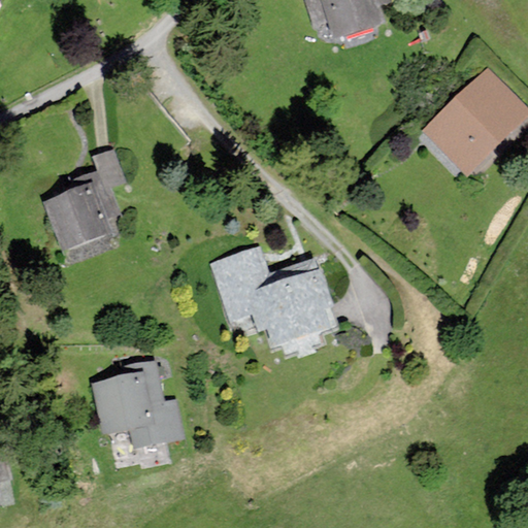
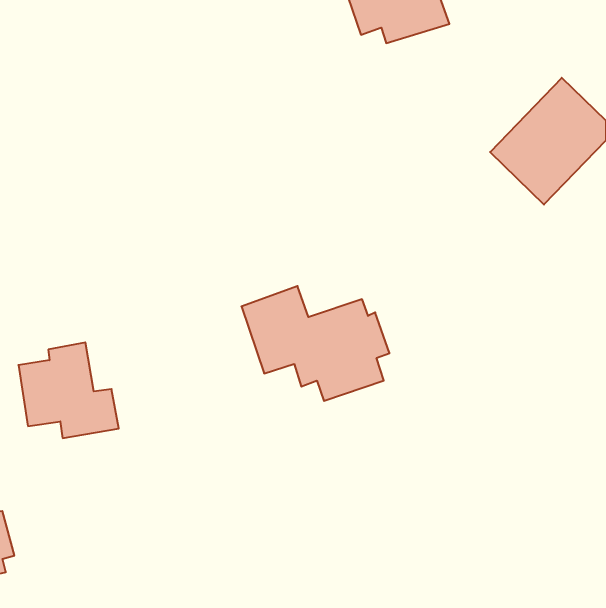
building: [46,150,123,260] -> none
building: [96,361,183,443] -> [18,342,119,438]

